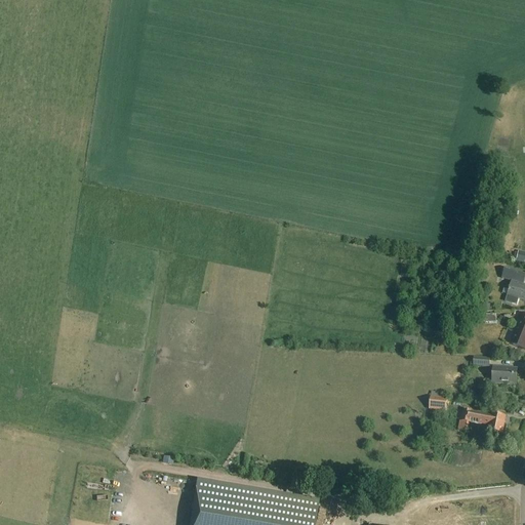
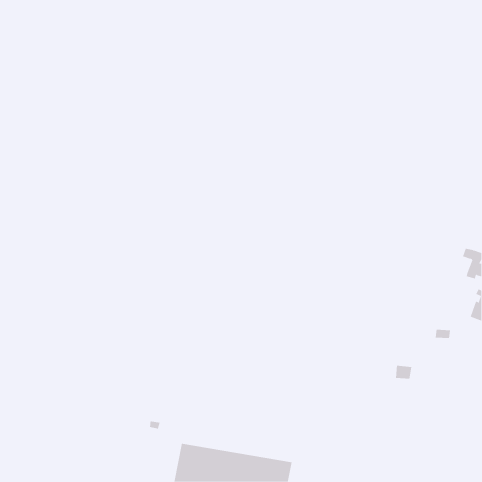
building: [492,367,517,386] -> none
building: [458,411,504,434] -> none

